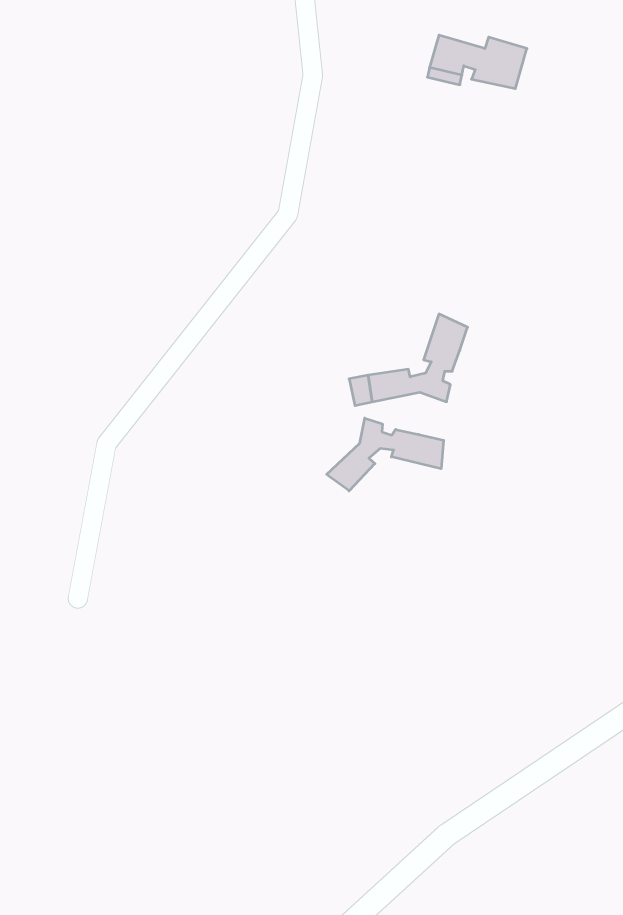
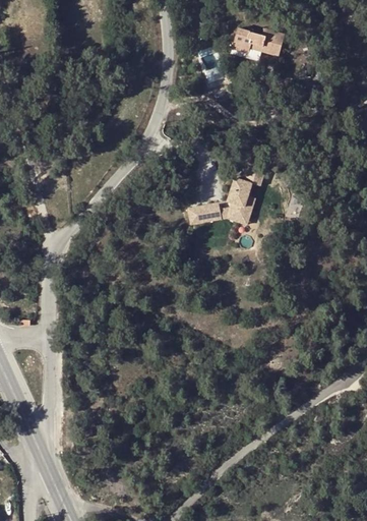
building: [327,418,444,491] -> none

